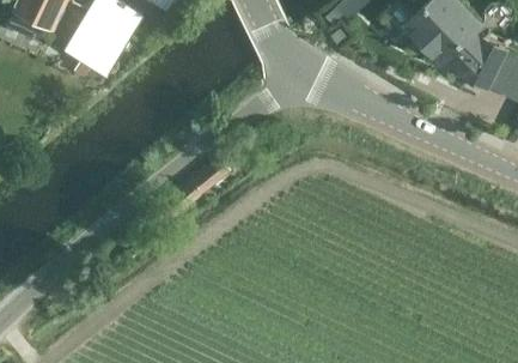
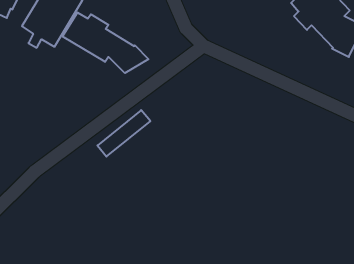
building: none -> [63,12,148,73]

